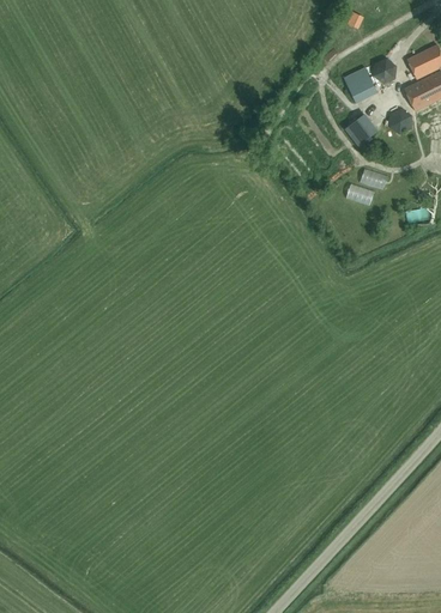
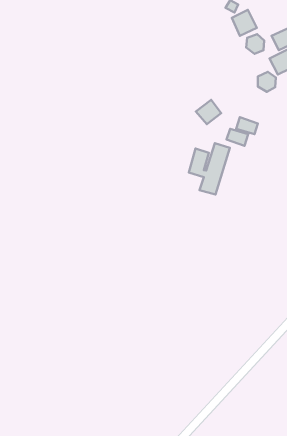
building: [344,67,377,102] -> [232,10,257,36]
building: [344,113,377,145] -> [196,100,221,124]
building: none -> [189,143,230,195]

